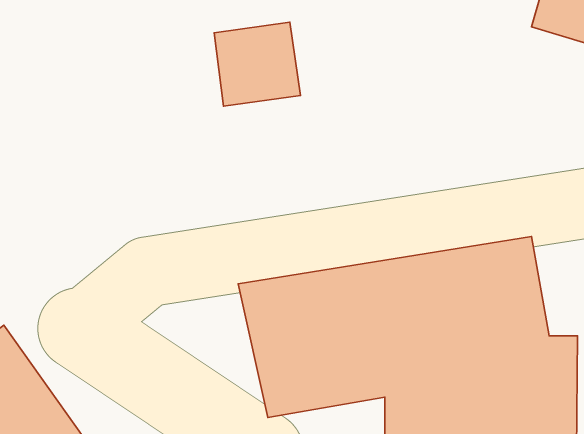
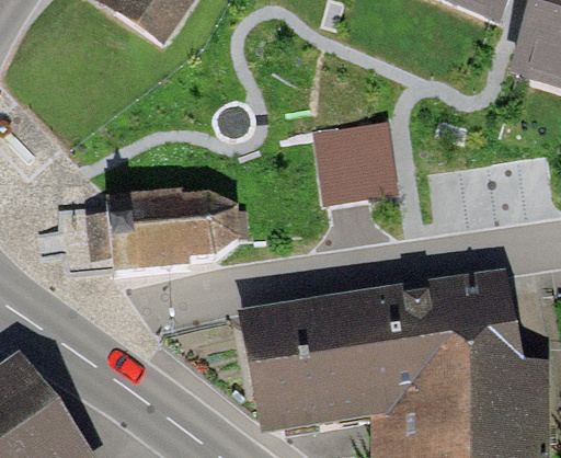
building: [214,22,300,106] -> [318,124,398,202]
building: none -> [106,186,242,272]

